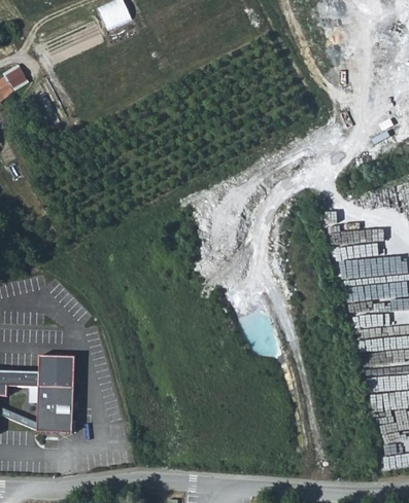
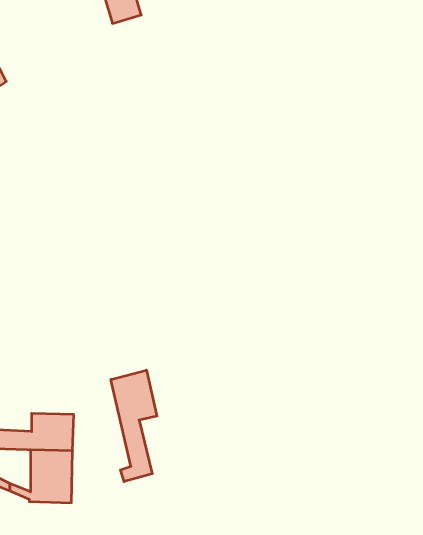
building: none -> [111,370,157,482]

